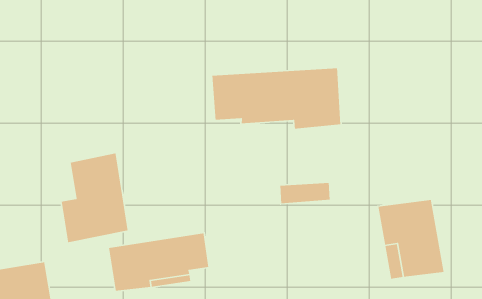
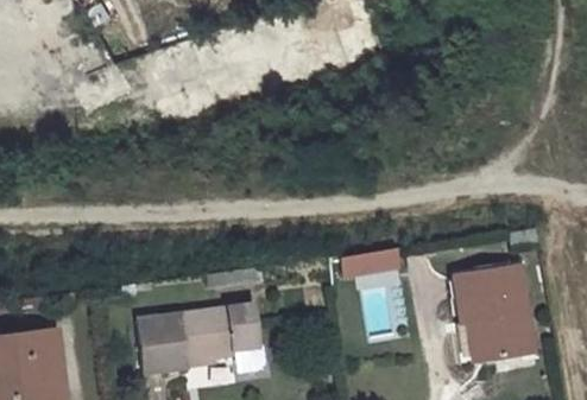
building: [212,67,341,130] -> none
building: [61,152,129,243] -> none

